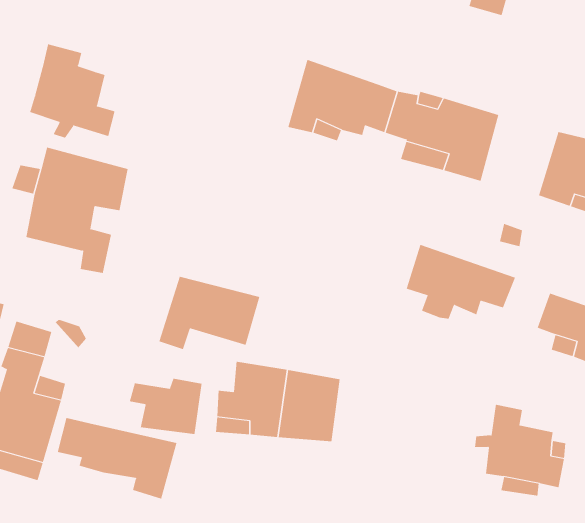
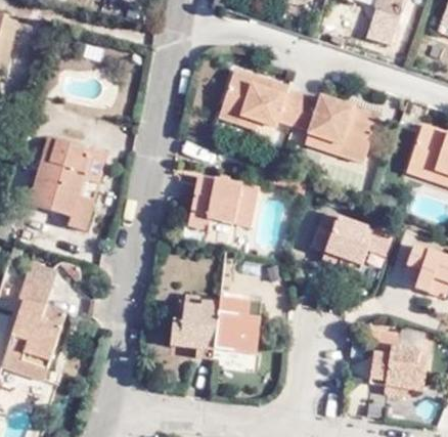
building: [29,44,115,138] -> none
building: [158,276,260,350] -> [188,176,263,230]
building: [129,378,202,435] -> none
building: [57,417,177,500] -> none

